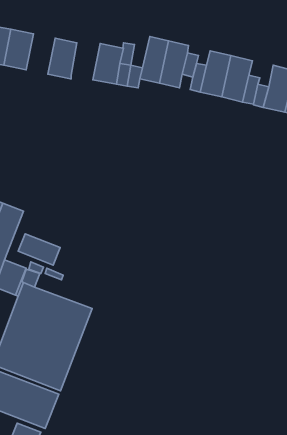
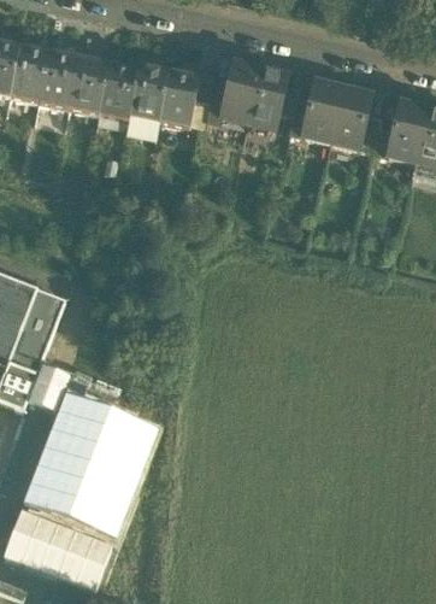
building: none -> [69,59,107,113]
building: none -> [129,66,167,121]
building: [18,234,60,265] -> none

